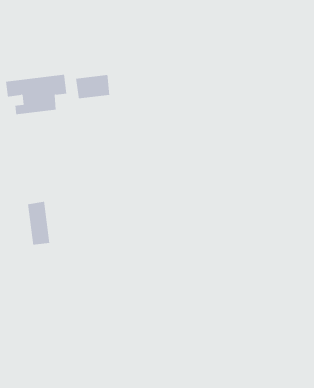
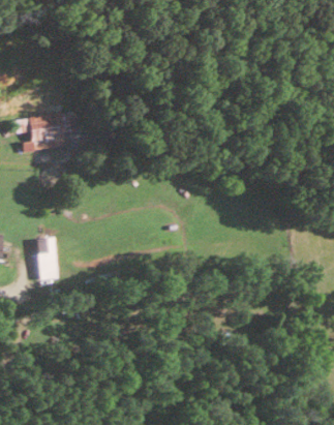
building: [76,74,110,99] -> none

